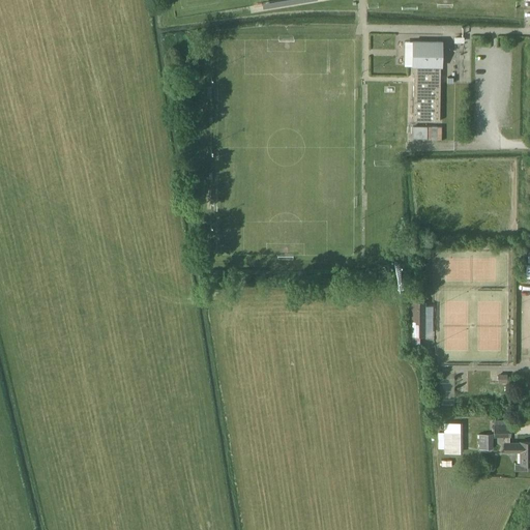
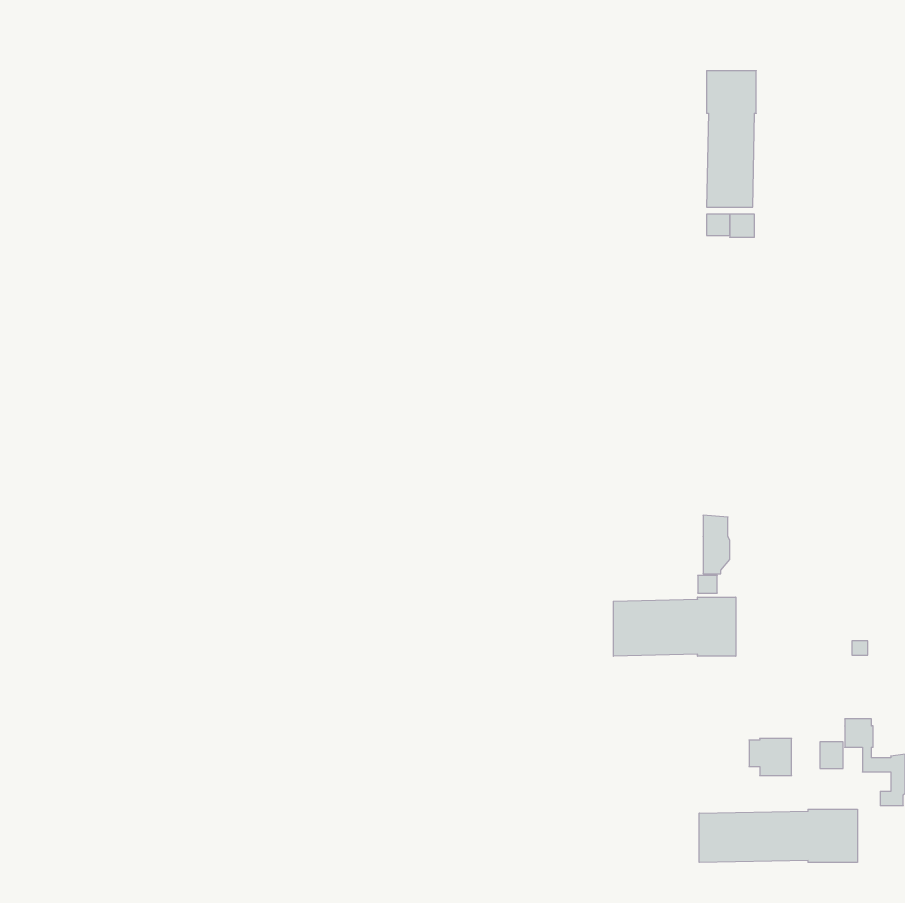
building: none -> [613,597,736,656]
building: none -> [699,809,857,862]

